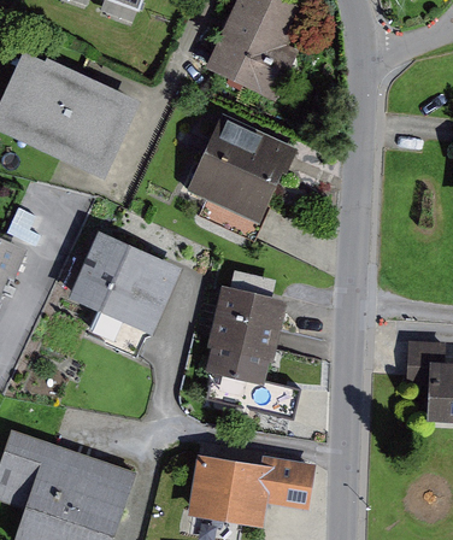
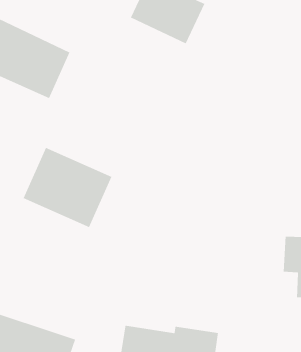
building: [183,113,292,223] -> none
building: [205,284,287,385] -> none

